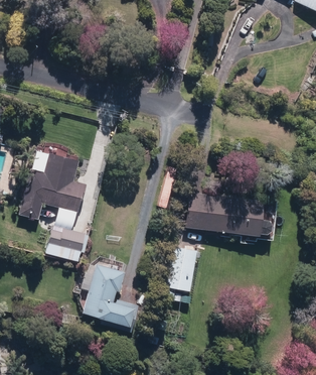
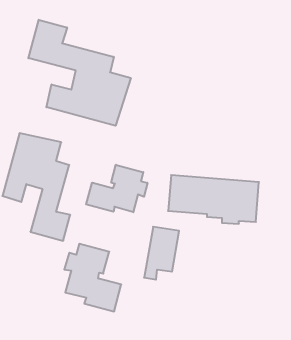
building: none -> [28,20,131,126]
building: none -> [86,165,147,212]

